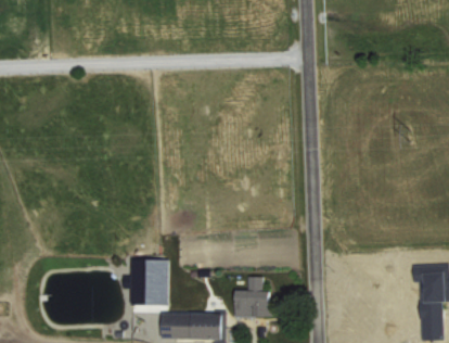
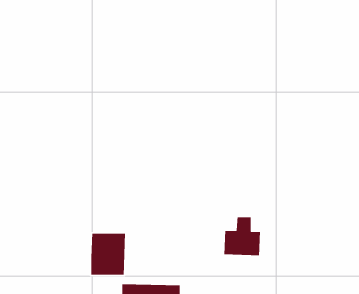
building: [233,276,272,317] -> [223,217,261,256]

